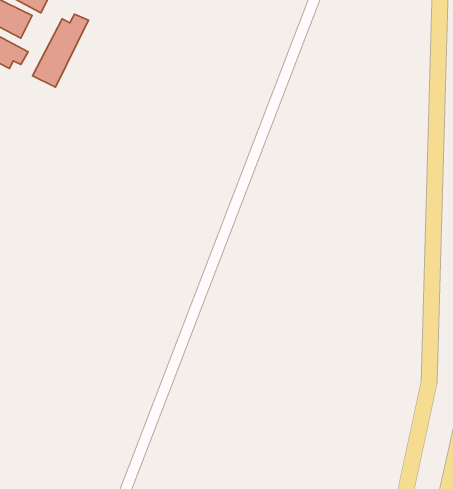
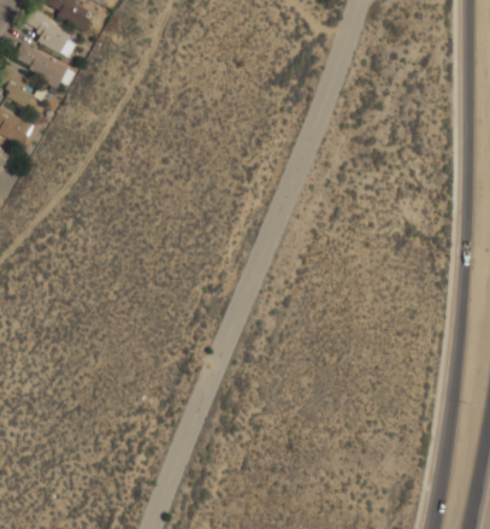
building: [33,14,89,87] -> none

